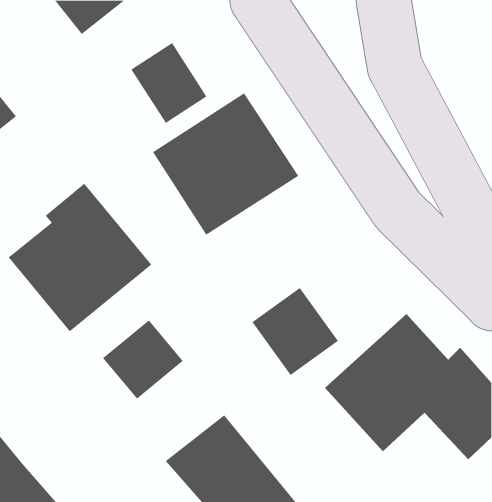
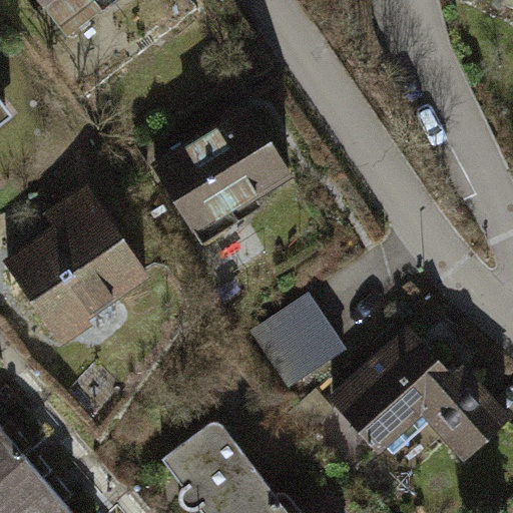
building: [131,42,207,124] -> none
building: [102,319,184,400] -> none

